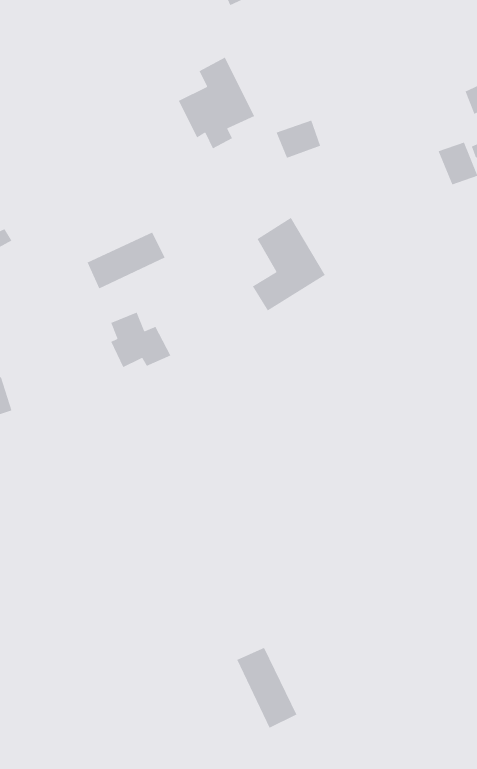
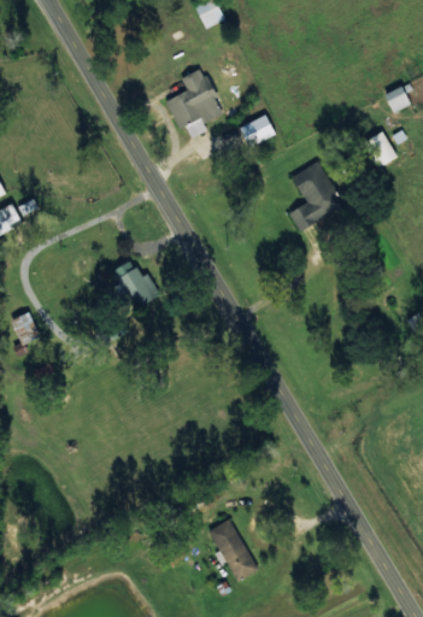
building: [252,217,326,311] -> [288,160,345,233]
building: [86,232,166,289] -> none

